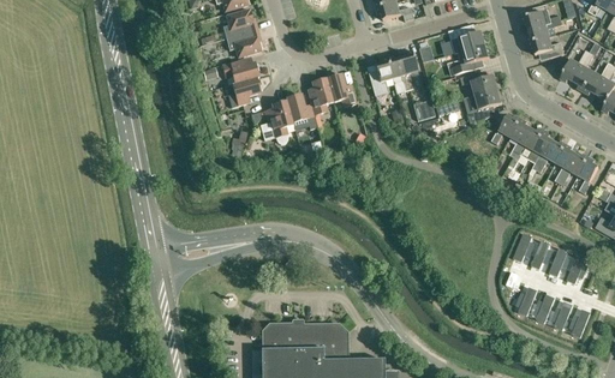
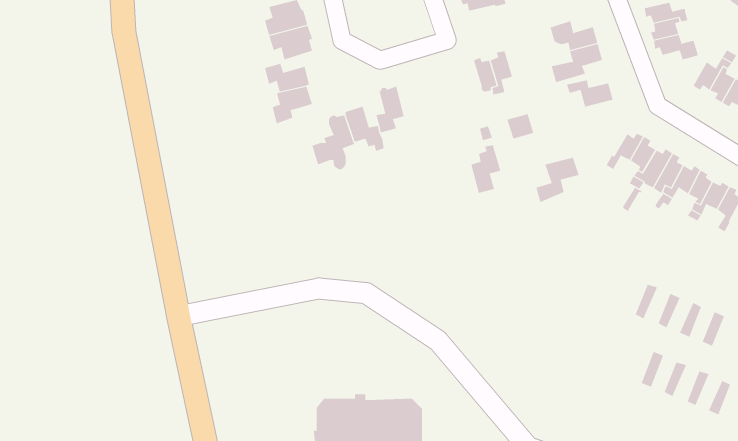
building: [369,58,393,96] -> [471,145,501,194]
building: [327,73,357,107] -> none
building: [467,89,502,125] -> [535,157,580,203]

